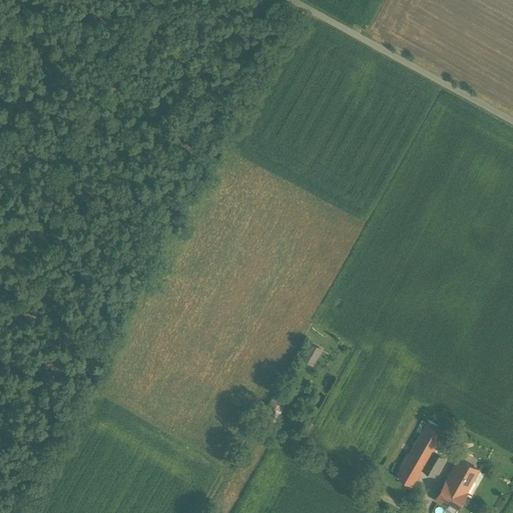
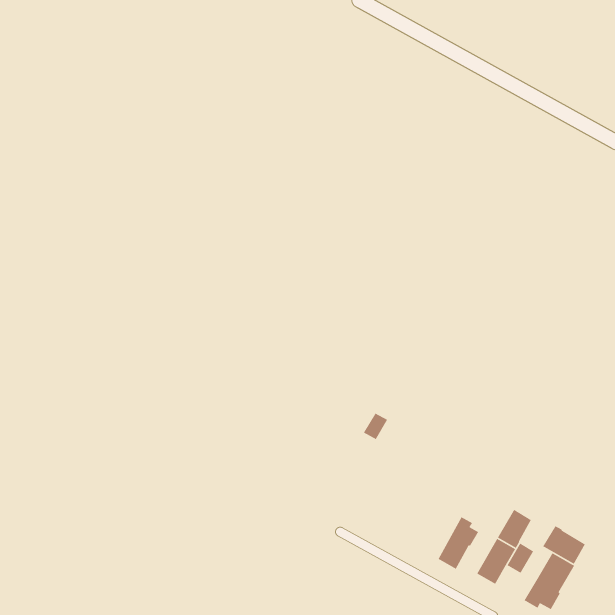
building: none -> [437,516,479,570]
building: none -> [542,525,586,565]

